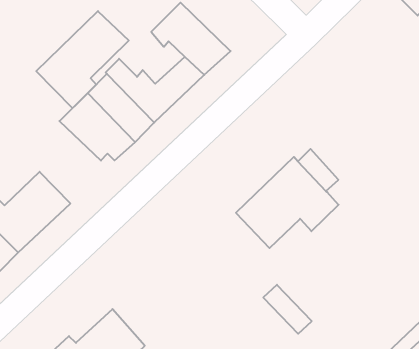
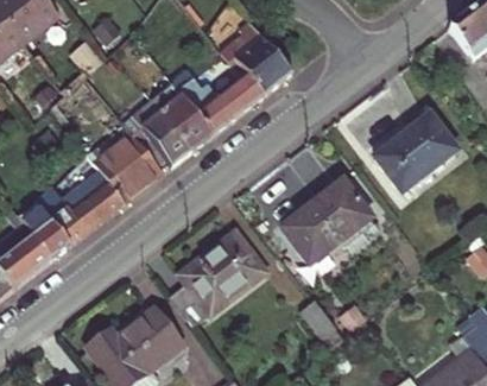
building: [36,11,129,108] -> none
building: none -> [373,113,458,194]
building: none -> [94,134,163,203]
building: none -> [169,234,264,328]

